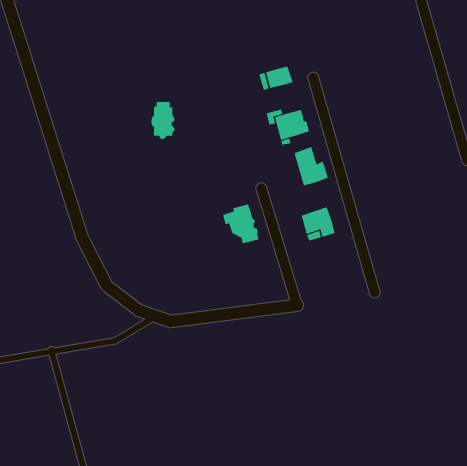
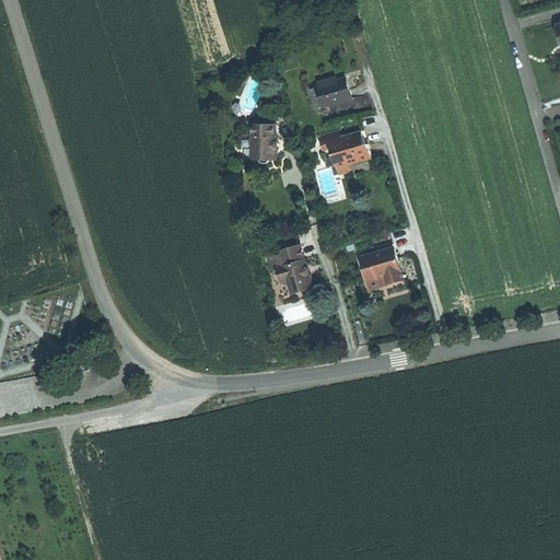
building: [150,102,175,140] -> [247,118,277,164]
building: [294,146,328,186] -> none

